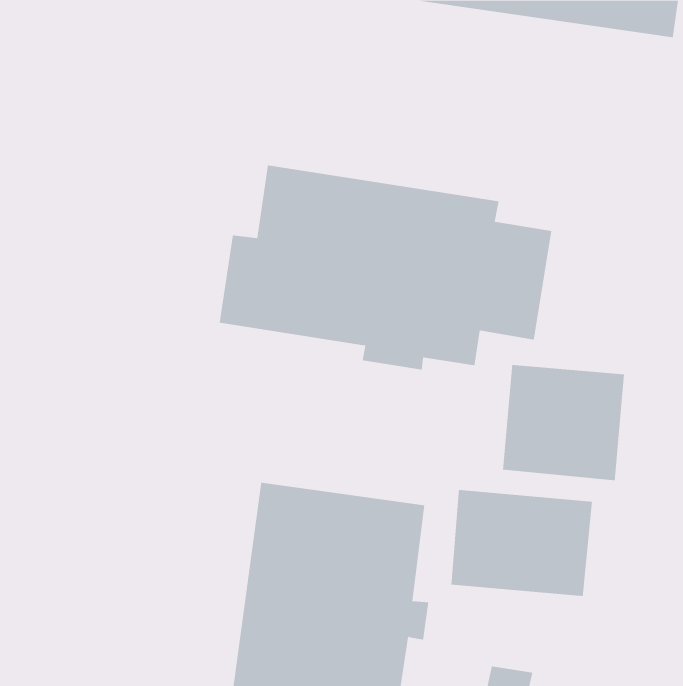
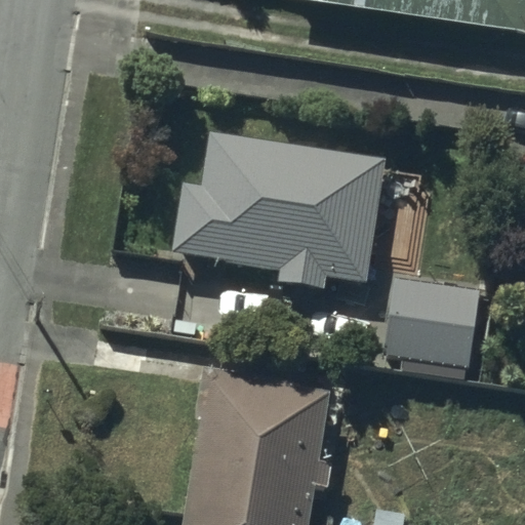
building: [451,489,592,597] -> none

